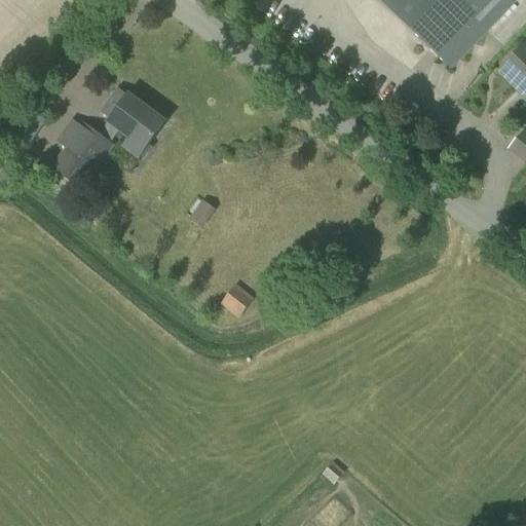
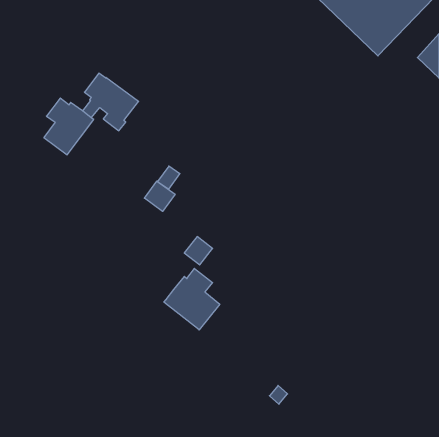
building: none -> [144,181,175,211]
building: none -> [164,268,220,330]

